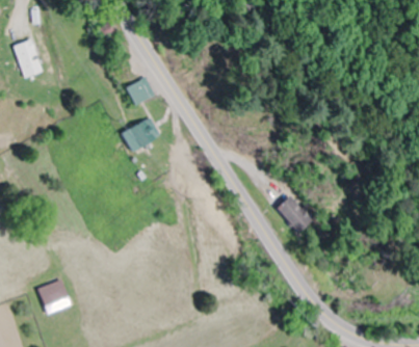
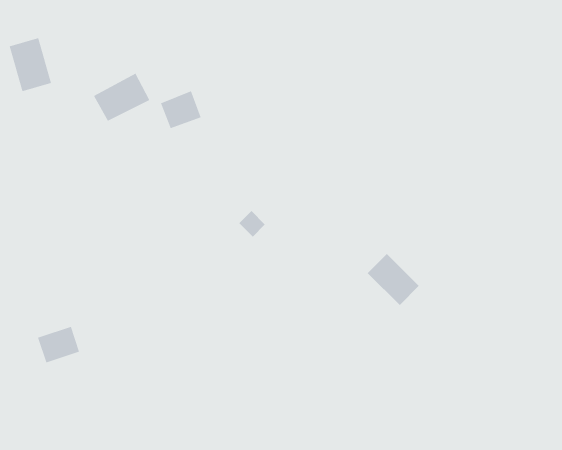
building: [121,116,162,152] -> [93,73,150,122]
building: [37,281,69,308] -> [37,326,80,363]

